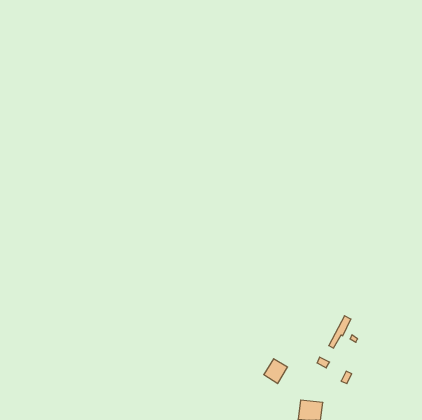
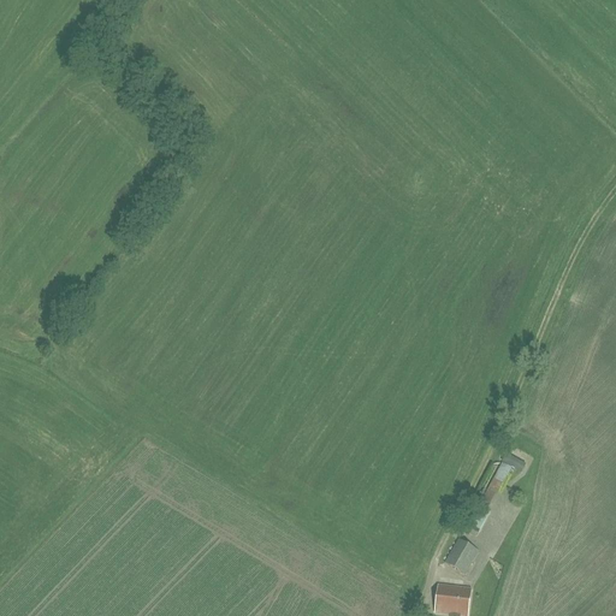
building: [264,359,288,384] -> [444,537,479,573]

